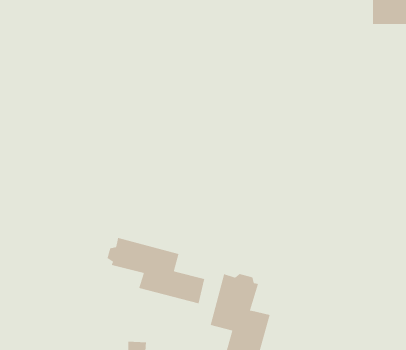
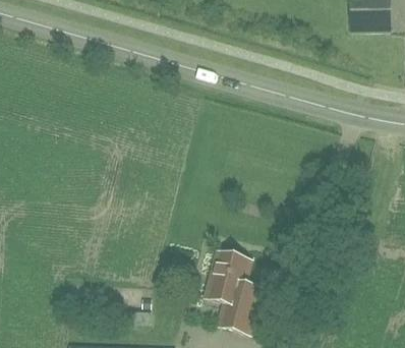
building: [107,237,205,304] -> none

